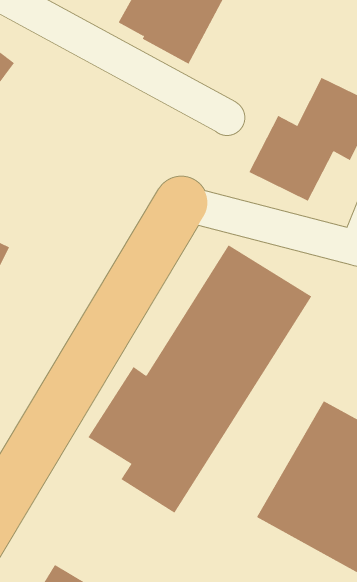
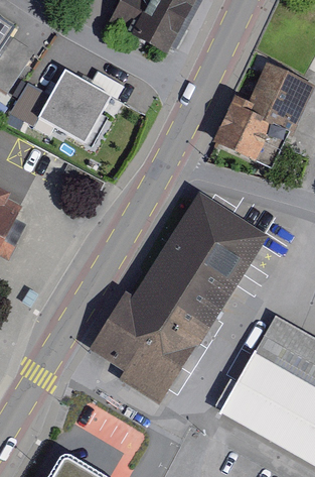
building: none -> [29,69,122,149]

